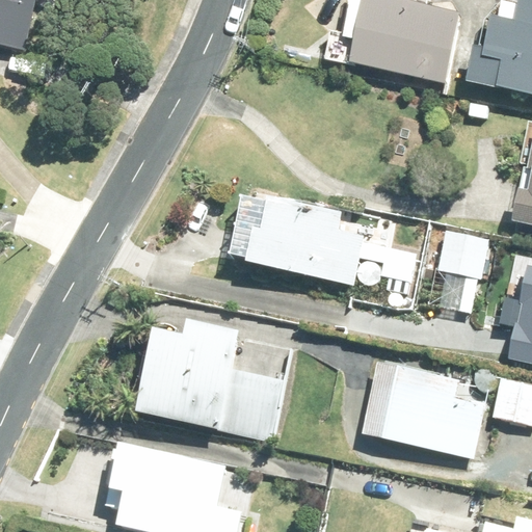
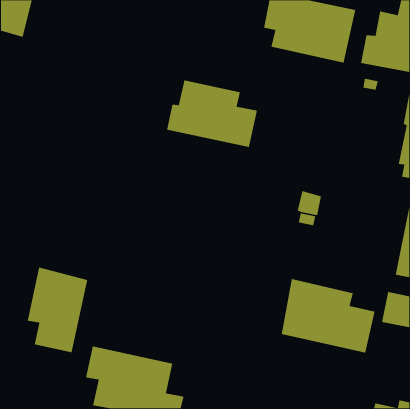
building: [245,196,364,285] -> [166,80,258,148]
building: [438,231,488,278] -> none
building: [135,318,286,441] -> none
building: none -> [27,267,88,353]

